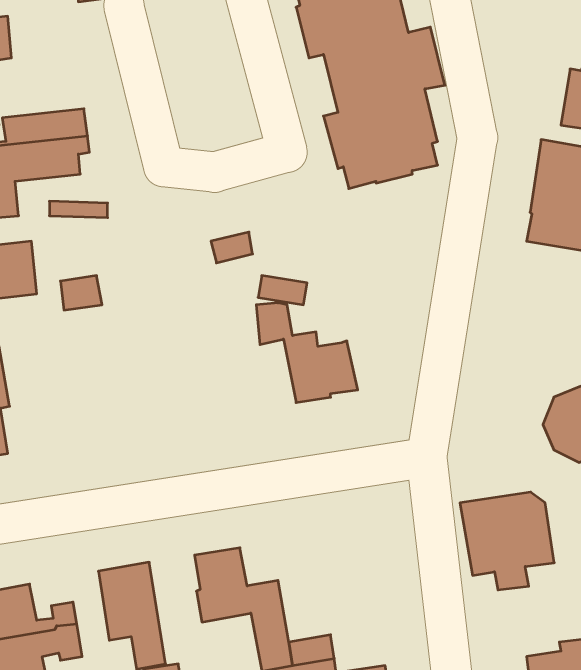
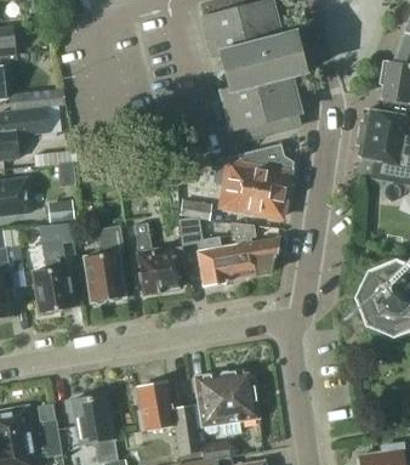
building: none -> [207,142,290,215]
building: none -> [230,222,279,276]
building: none -> [85,225,127,304]
building: none -> [135,231,186,293]
building: none -> [33,237,74,312]
building: [460,492,554,590] -> [195,369,258,435]

